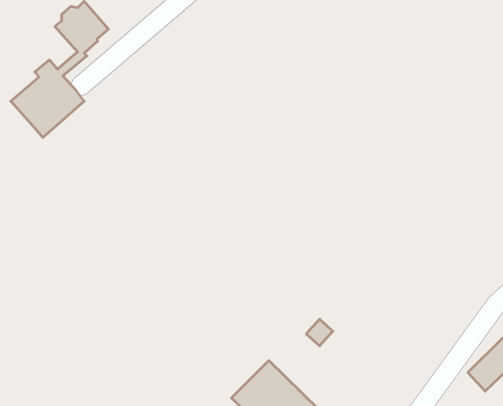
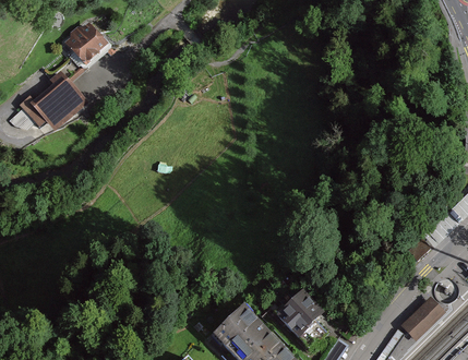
building: none -> [274,293,321,340]

